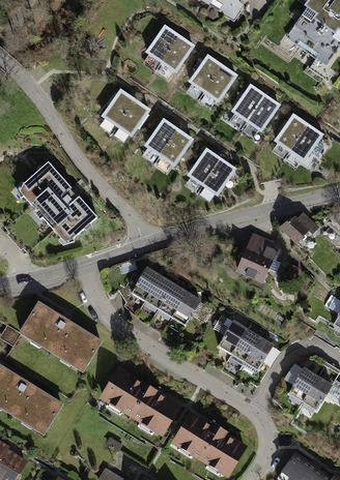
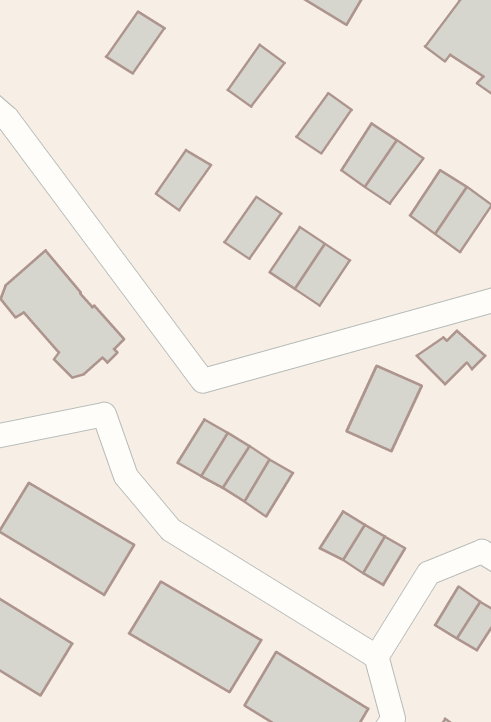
building: [144,24,180,62] -> [106,12,165,73]
building: [188,53,223,91] -> none
building: [101,88,135,126] -> none
building: [143,118,178,156] -> none

